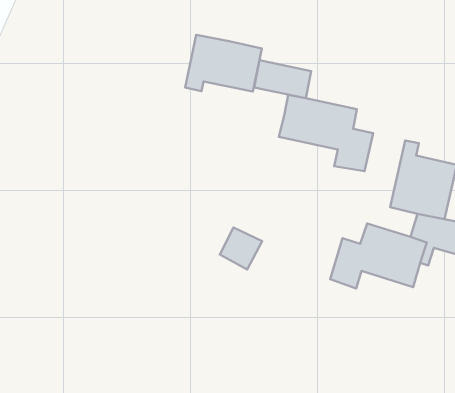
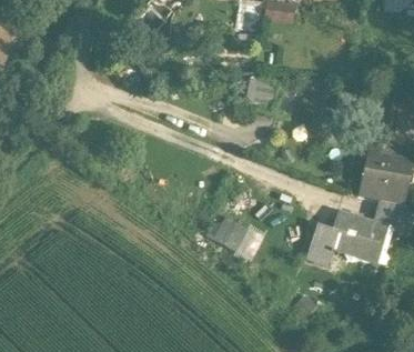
building: [185,35,262,92] -> none
building: [279,95,373,171] -> none

